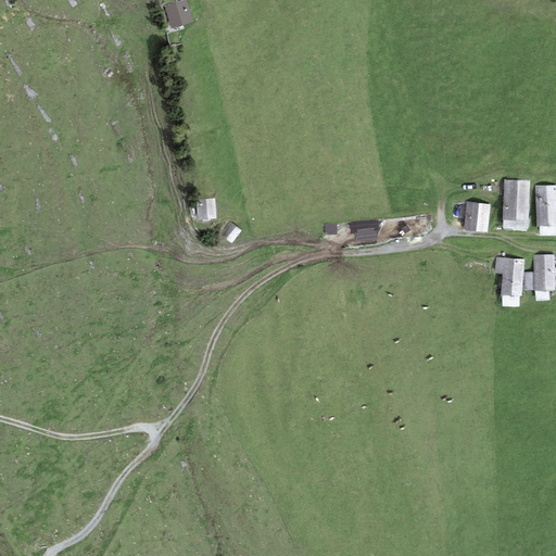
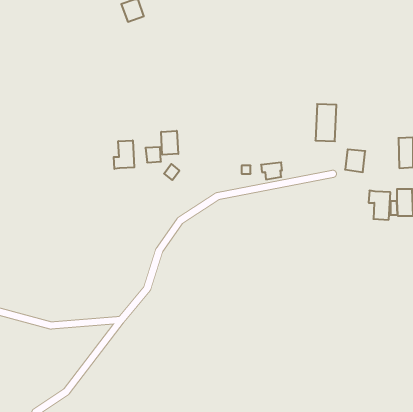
building: none -> [161,131,178,155]
building: [502,178,530,228] -> [315,104,336,141]
building: none -> [114,140,134,169]

